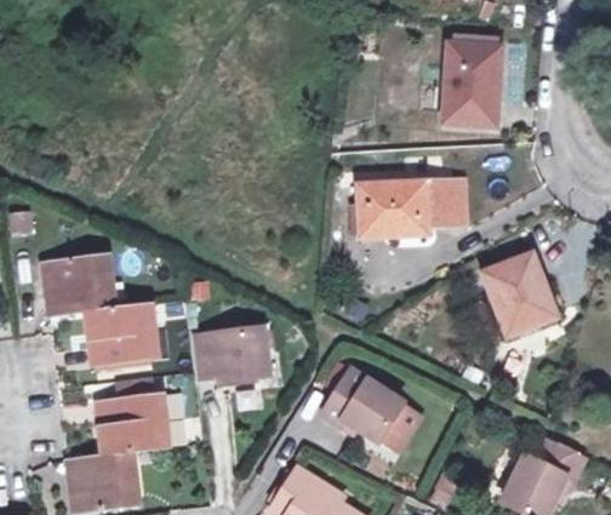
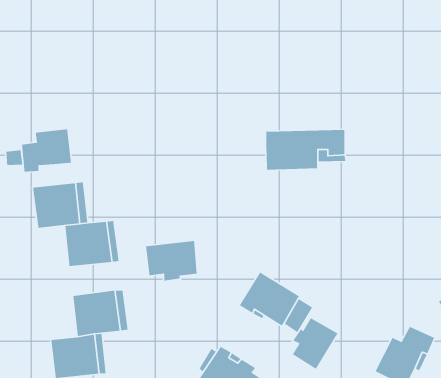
building: [442,40,498,124] -> none
building: none -> [21,128,72,173]
building: [478,253,553,336] -> none
building: none -> [292,317,338,370]

